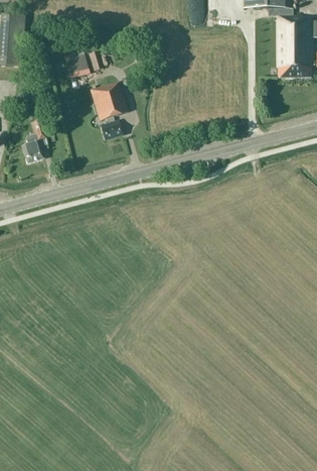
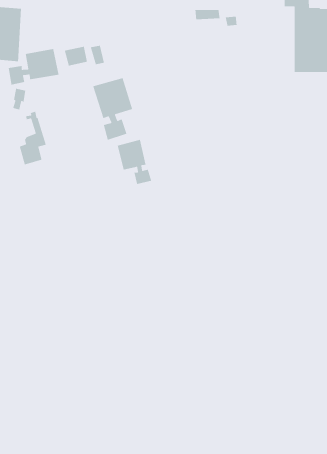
building: none -> [8,48,60,85]
building: none -> [117,139,152,185]

